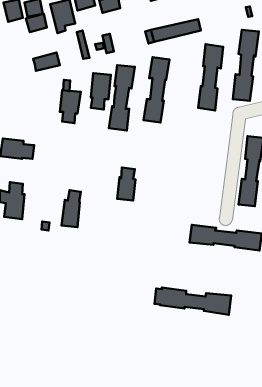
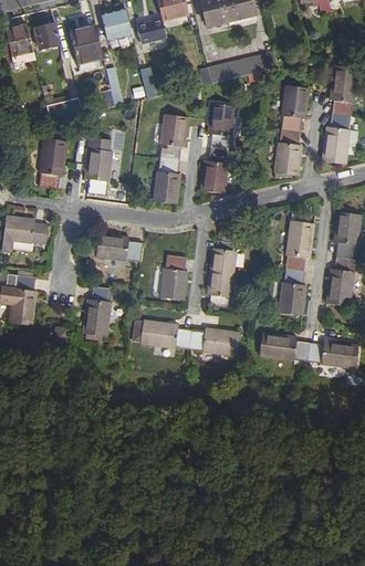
building: [26,14,47,32] -> none
building: [91,73,111,110] -> [39,139,66,189]
building: none -> [280,221,315,316]
building: none -> [97,234,143,261]
building: none -> [208,241,237,306]
building: [155,288,231,315] -> [135,321,240,358]

